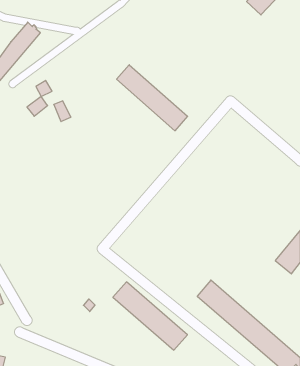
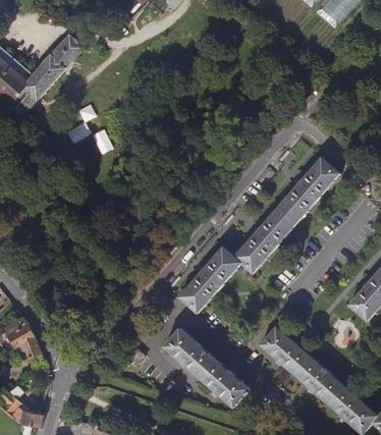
building: [117,65,188,131] -> none
building: none -> [180,158,339,313]

